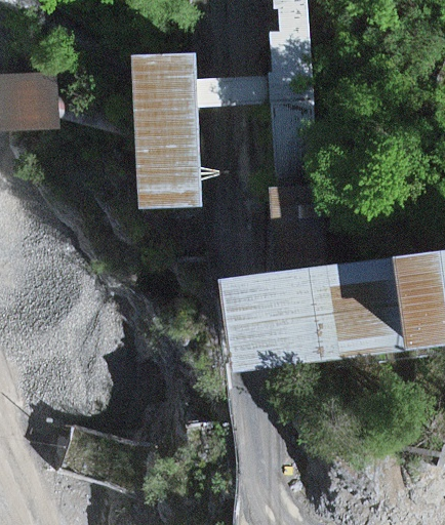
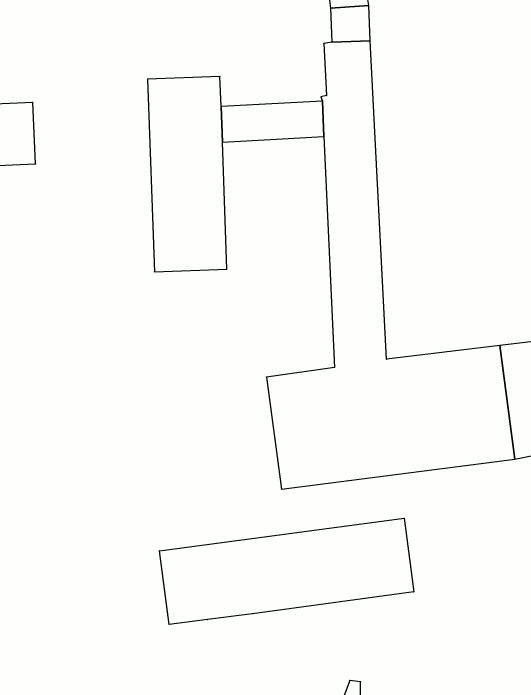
building: none -> [160,518,414,624]

